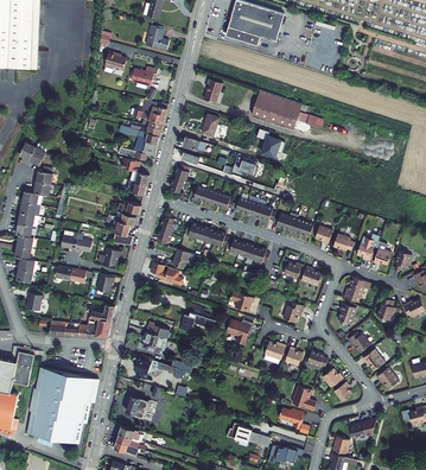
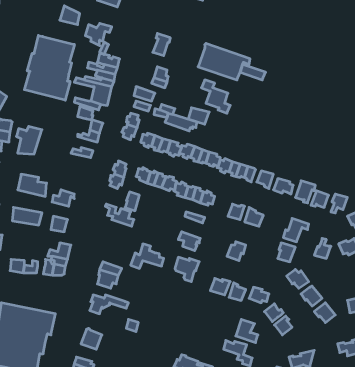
building: none -> [24,35,74,100]
building: [109,212,136,242] -> [16,126,42,154]

